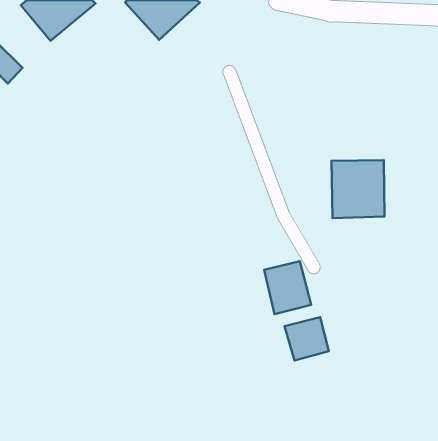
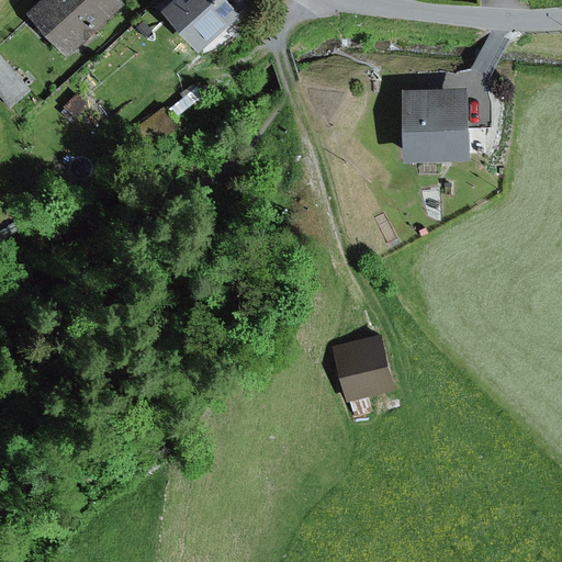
building: [332,160,385,218] -> [400,87,467,160]
building: [285,317,329,360] -> none

